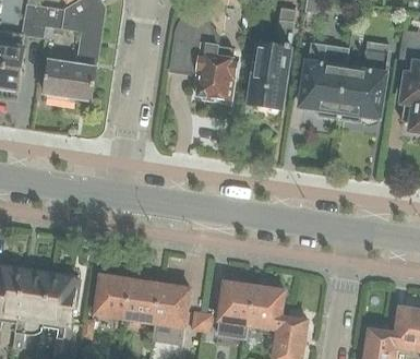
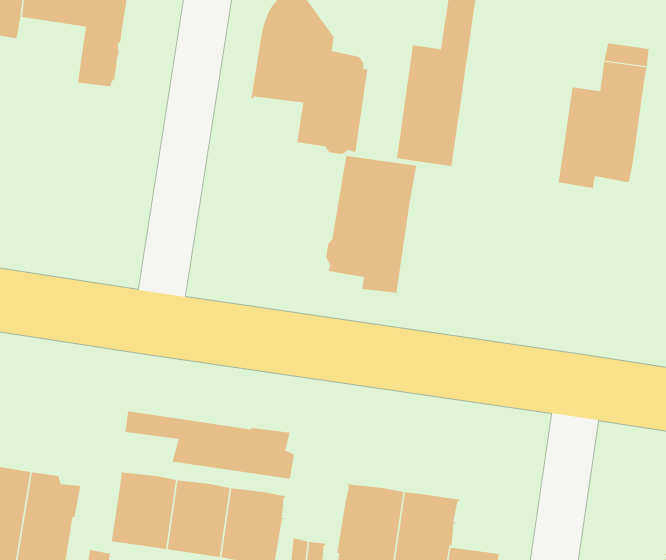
building: [299,41,349,117] -> [325,156,417,293]
building: [44,58,96,99] -> none
building: none -> [125,411,295,479]

